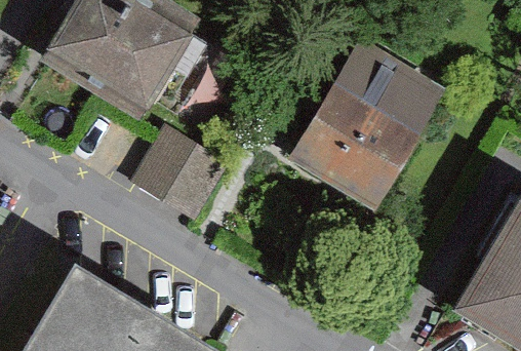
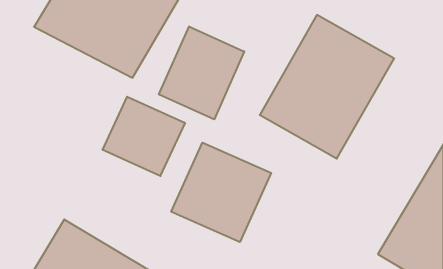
building: none -> [159,26,244,119]
building: none -> [171,143,271,242]

